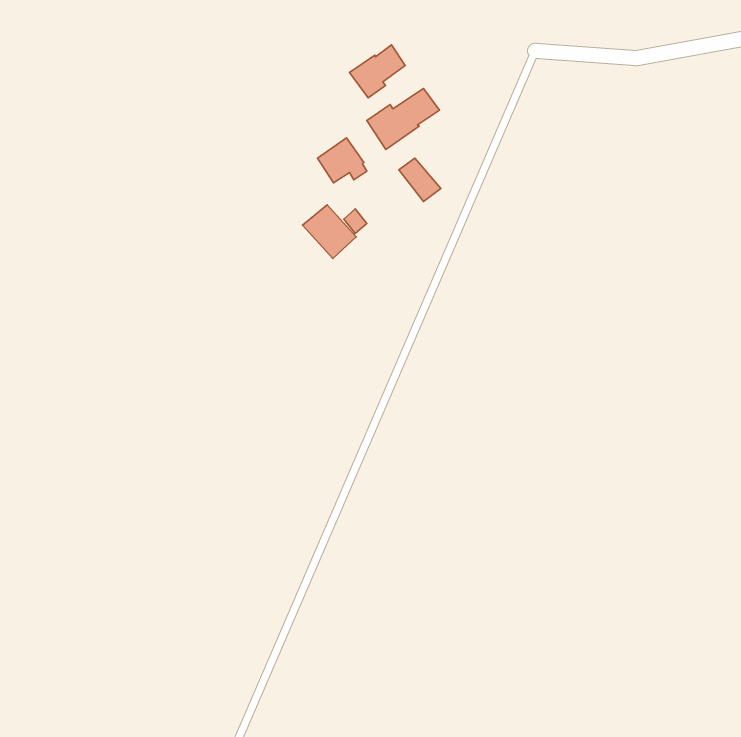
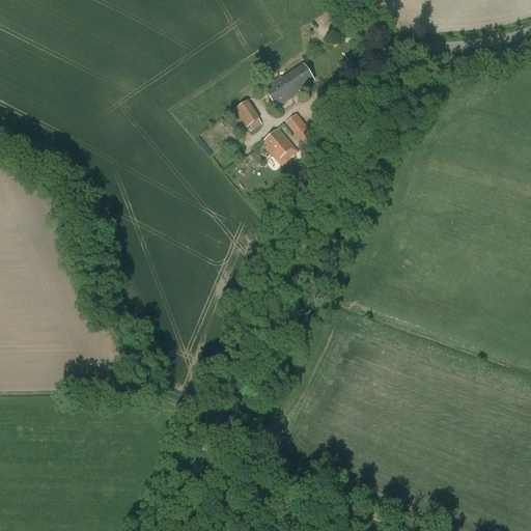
building: [349,45,405,98] -> none
building: [302,205,356,259] -> [260,127,299,165]

